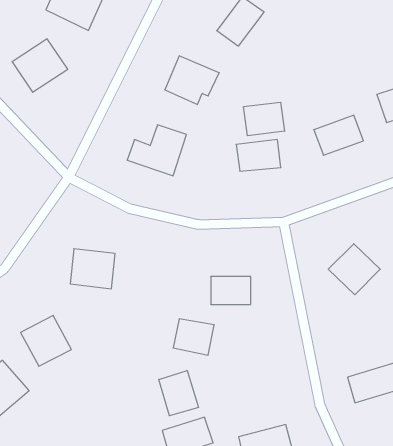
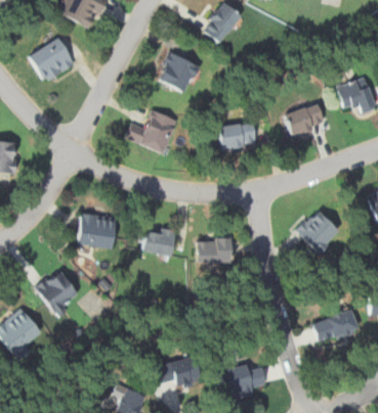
building: [244,102,285,136] -> none
building: [173,319,214,355] -> [141,225,176,256]
building: [159,370,198,416] -> none

